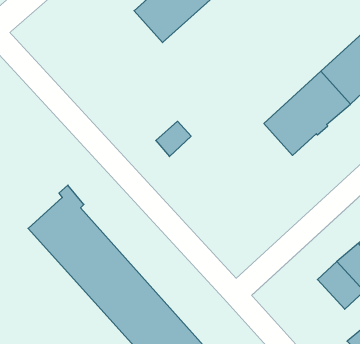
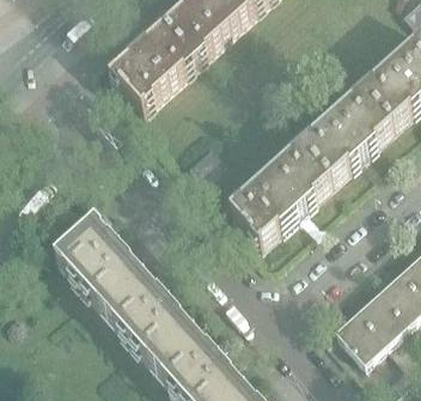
building: none -> [109,24,195,105]
building: none -> [230,142,331,241]
building: none -> [335,306,386,358]

